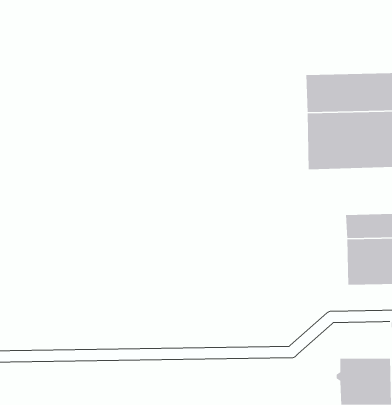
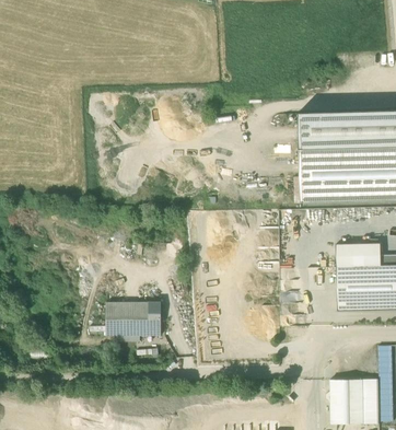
building: none -> [107,302,161,335]

